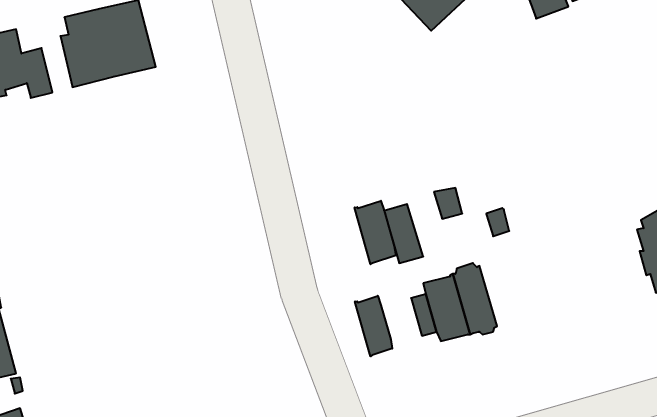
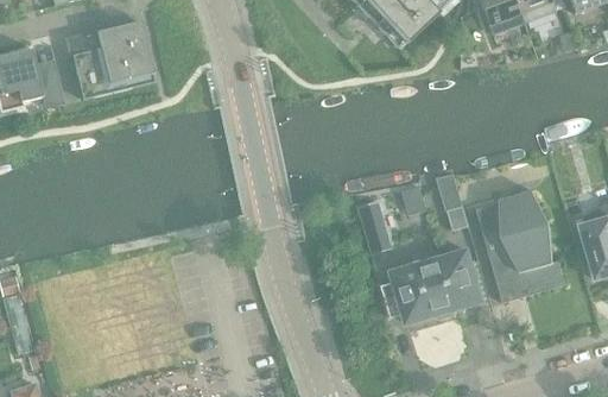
building: none -> [475,190,564,301]
building: [355,201,396,264] -> none
building: none -> [441,250,481,309]
building: [355,296,392,356] -> none

